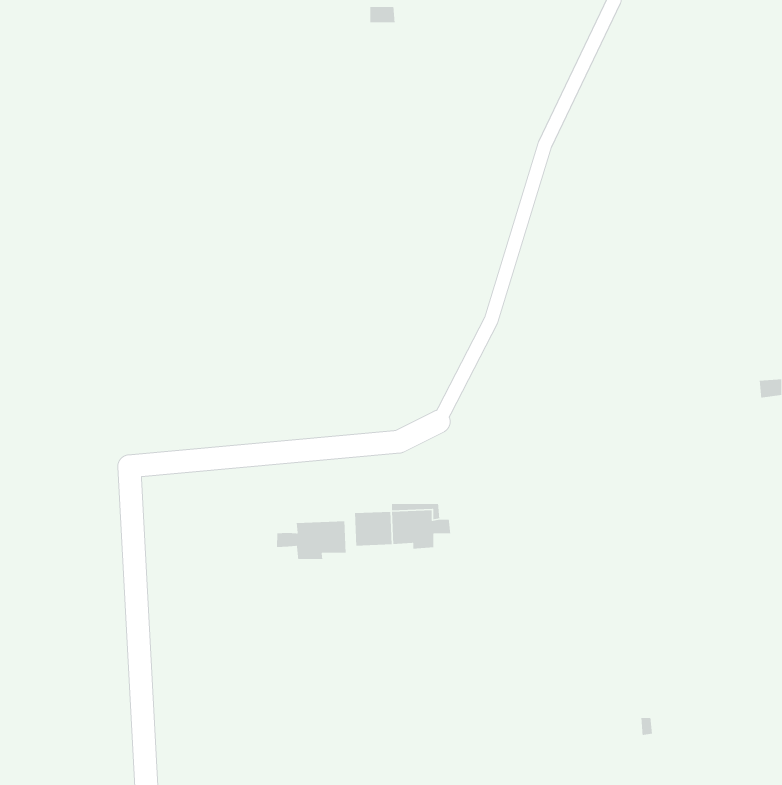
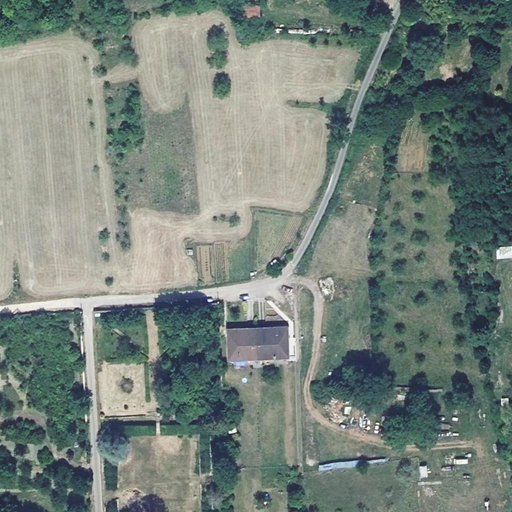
building: [276,521,346,560] -> none

